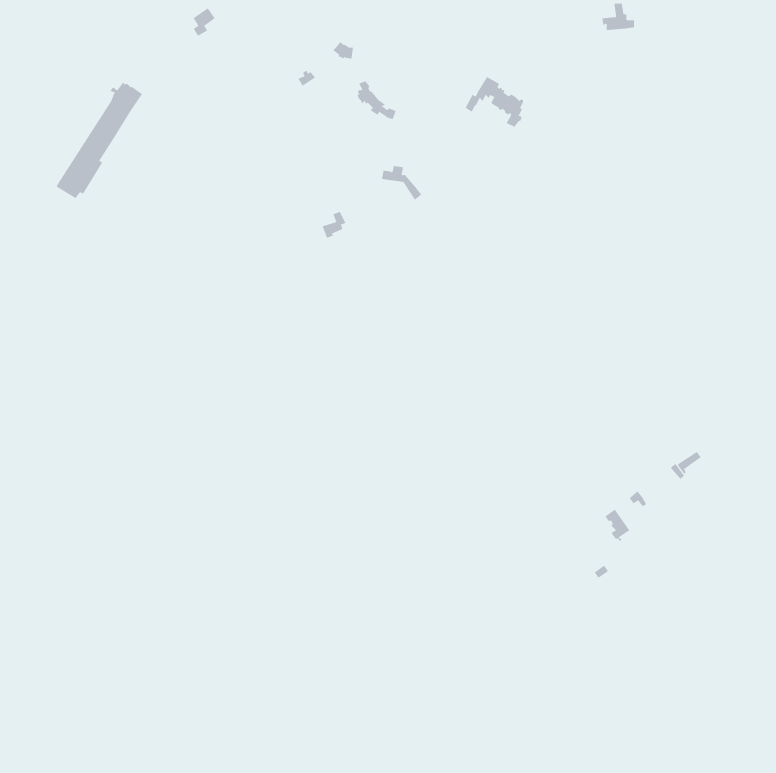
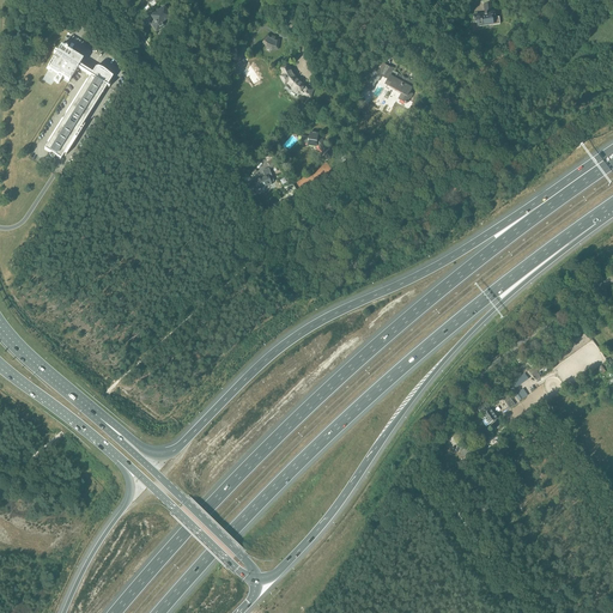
building: none -> [47,43,83,80]

